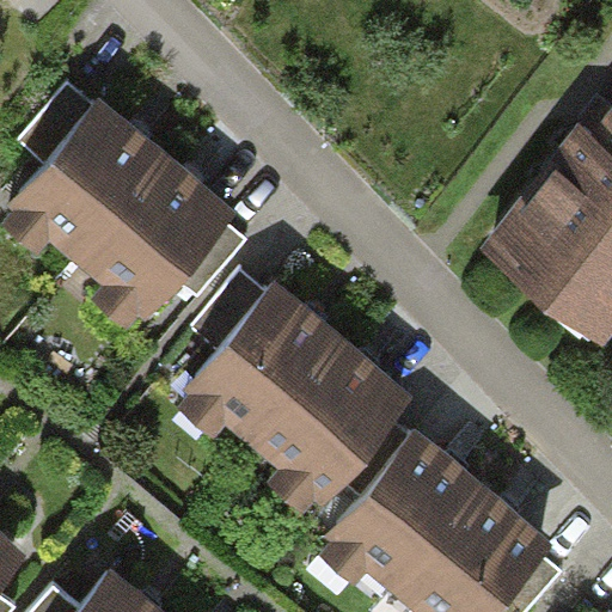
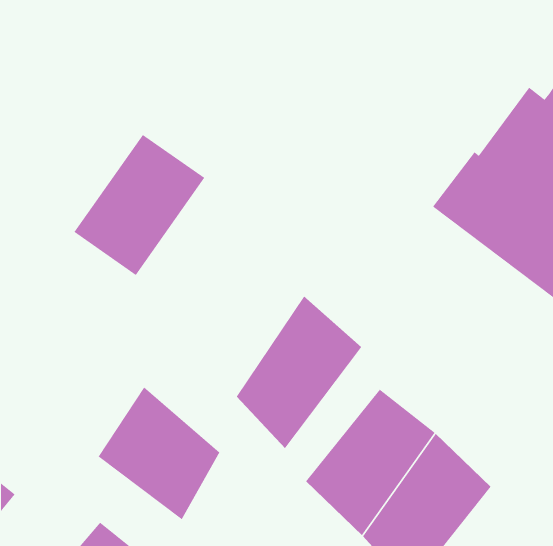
building: [20,115,164,269] -> none
building: [201,287,339,448] -> none
building: none -> [98,386,220,520]

